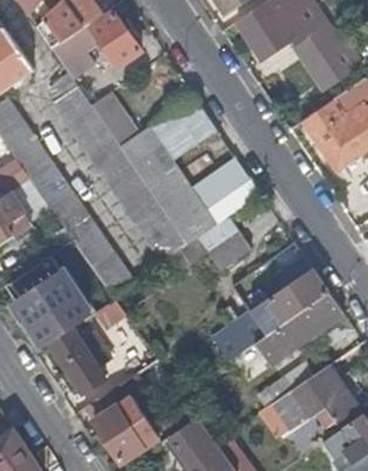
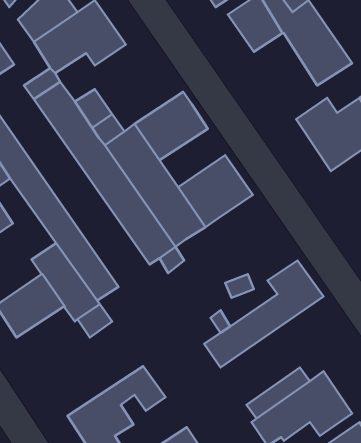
building: [197,217,251,272] -> none
building: [230,292,343,382] -> none
building: [50,324,112,392] -> none

